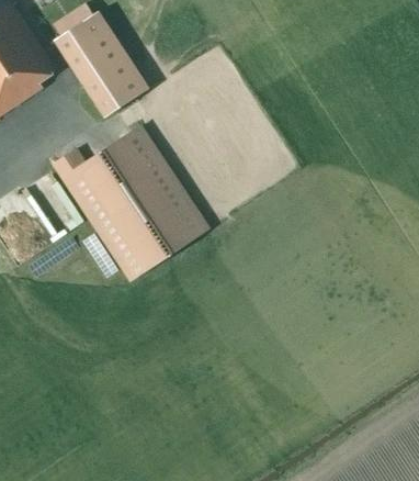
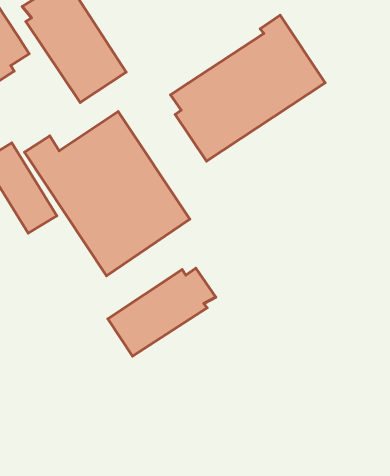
building: none -> [170,15,325,161]
building: none -> [108,268,216,356]

